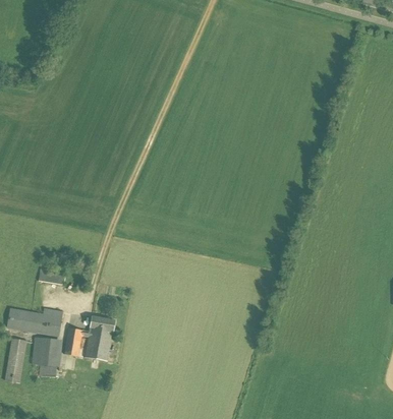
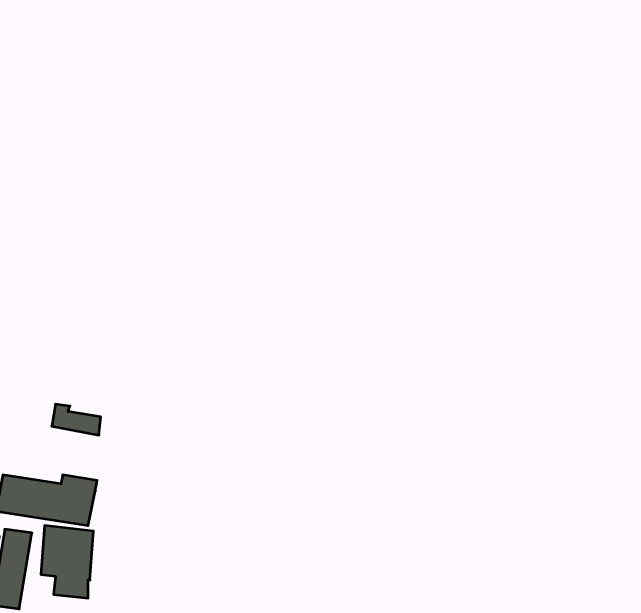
building: [63,315,114,361] -> none

